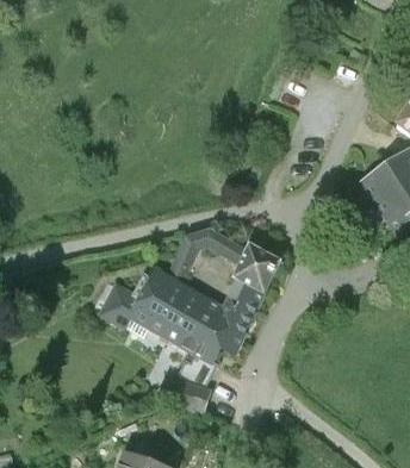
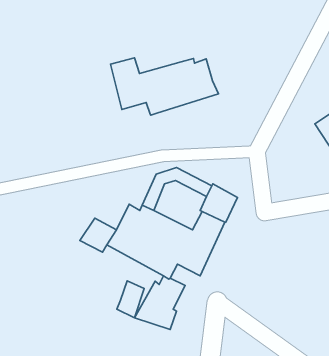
building: none -> [110,58,218,115]
building: none -> [117,281,144,318]

